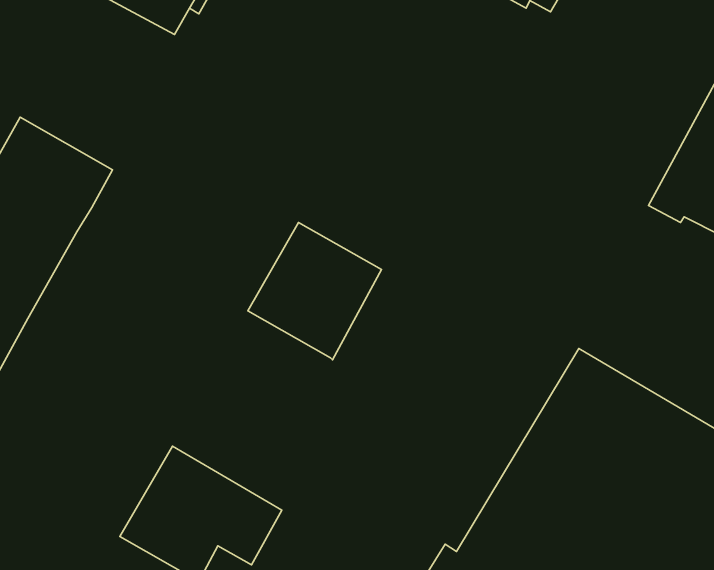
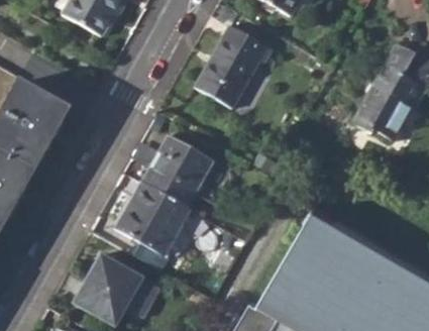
building: none -> [192,30,271,114]
building: none -> [114,183,184,270]

